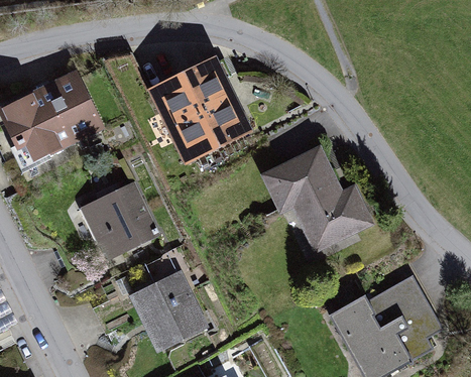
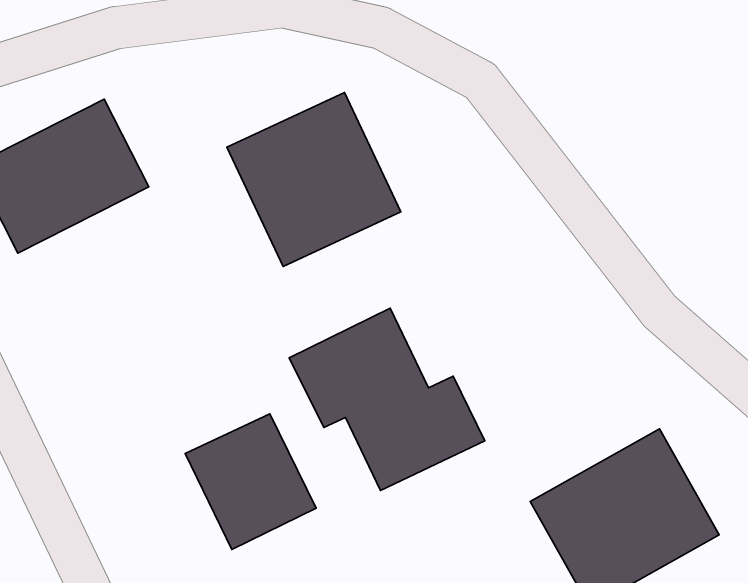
building: [258,144,377,255] -> [289,308,485,490]
building: [77,173,155,252] -> none

